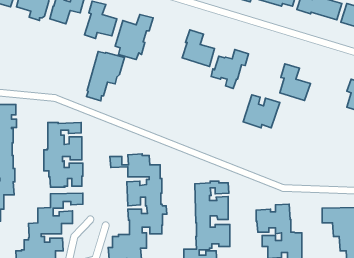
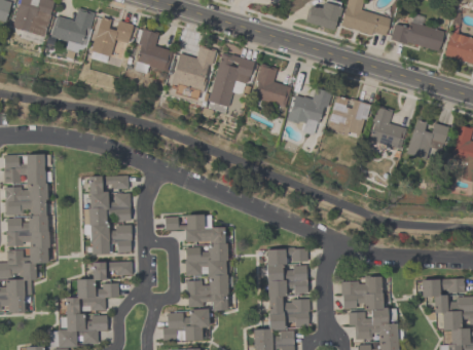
building: [86,52,125,101] -> [208,53,254,113]
building: none -> [406,119,448,159]
building: [243,95,280,128] -> [327,95,371,135]

